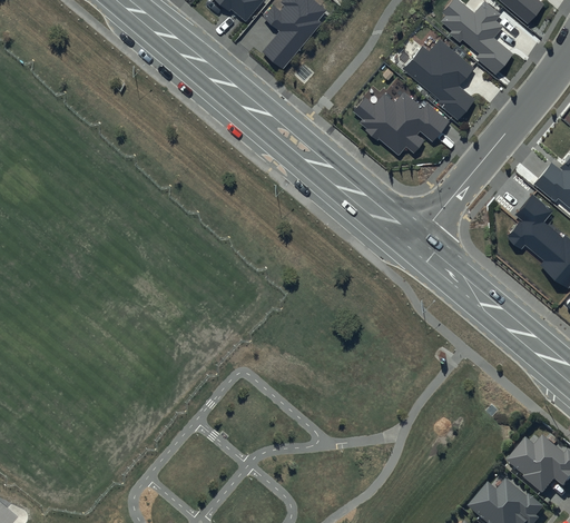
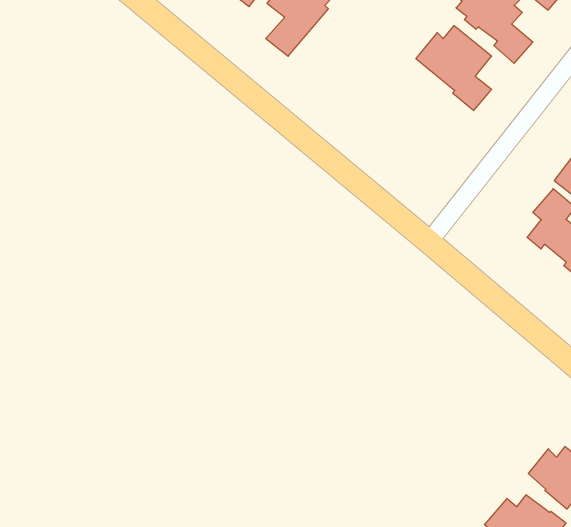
building: [352,91,449,156] -> none

